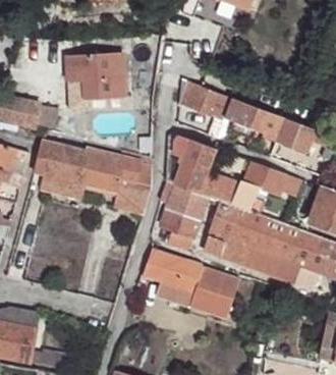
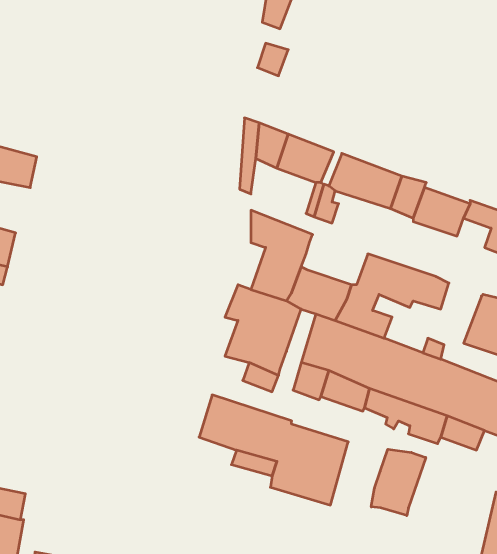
building: [71,54,127,98] -> none
building: [35,140,152,214] -> none
building: none -> [371,449,426,516]

